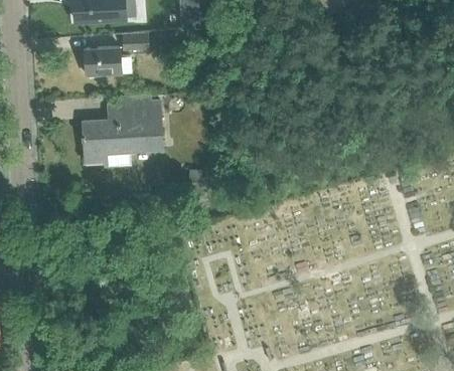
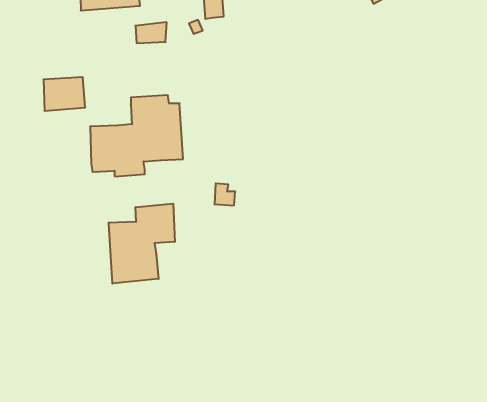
building: [85,48,121,77] -> [43,77,85,111]
building: none -> [109,204,175,284]

